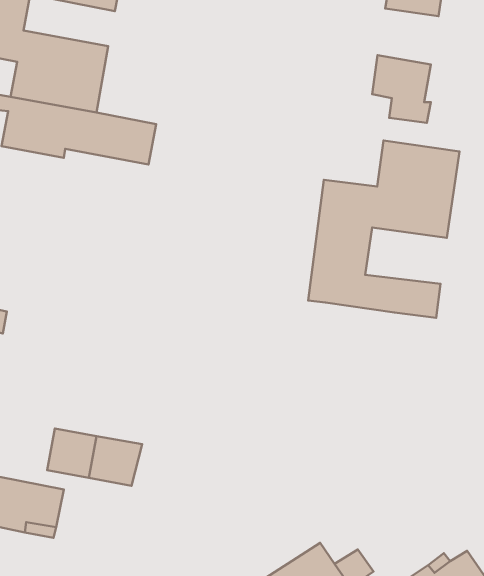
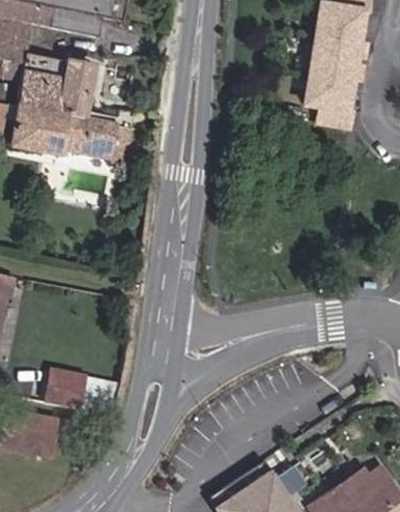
building: none -> [310,36,366,83]
building: [308,141,459,318] -> none

